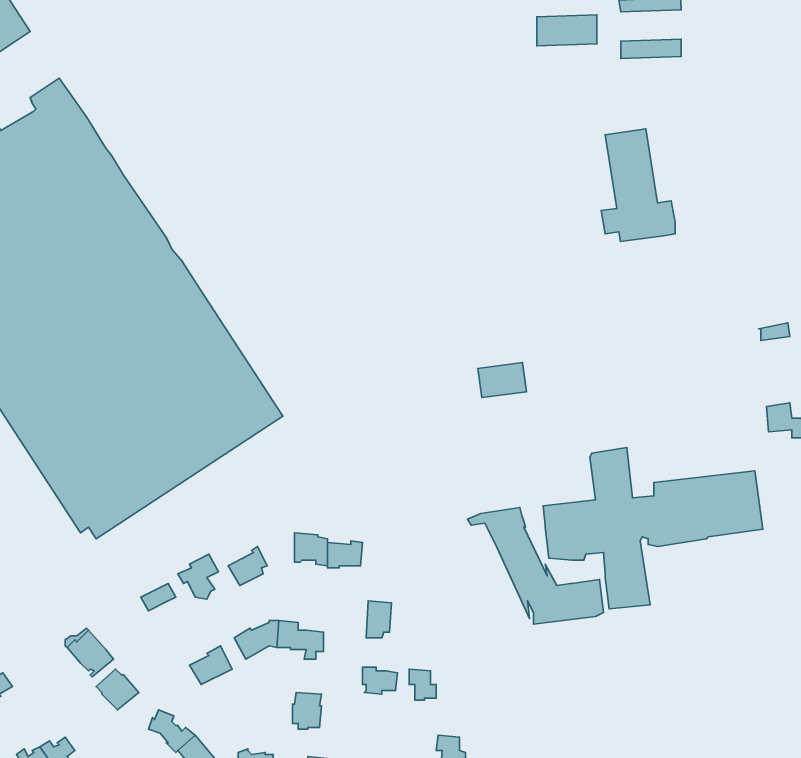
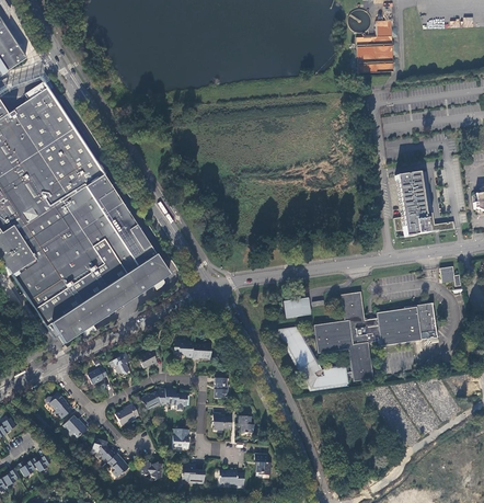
building: [537,15,597,46] -> [358,44,392,61]
building: [601,129,675,242] -> [392,171,434,235]
building: [478,363,526,398] -> [284,297,311,317]

